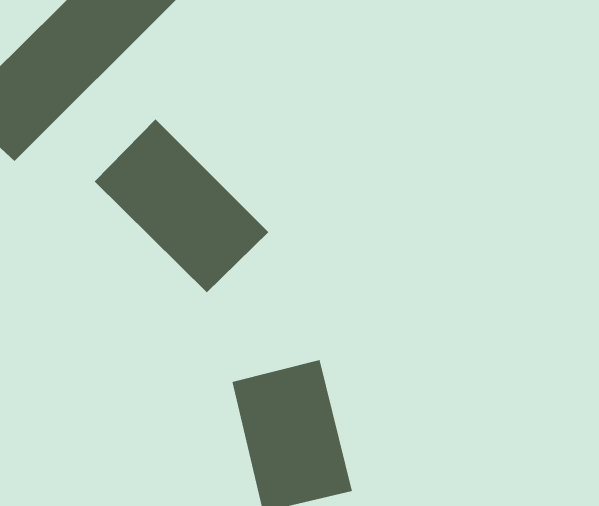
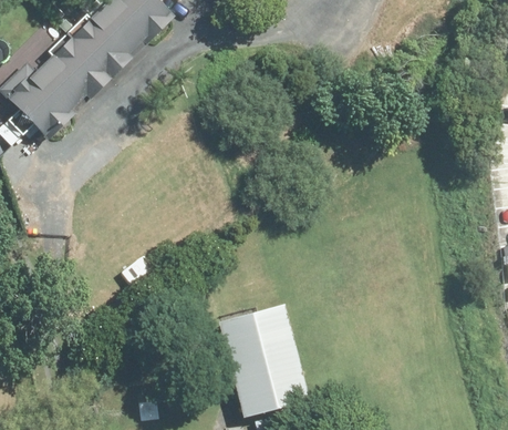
building: [94,118,269,293] -> none

